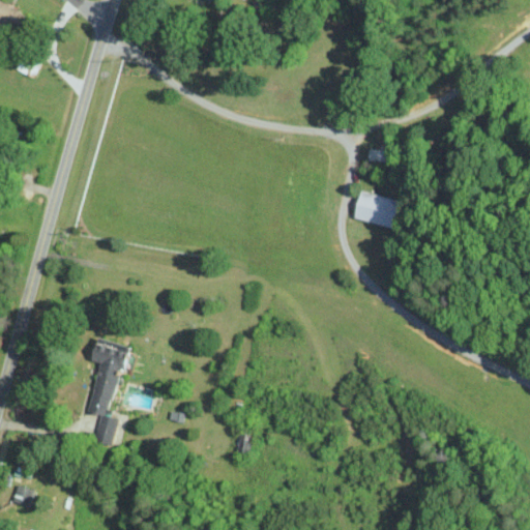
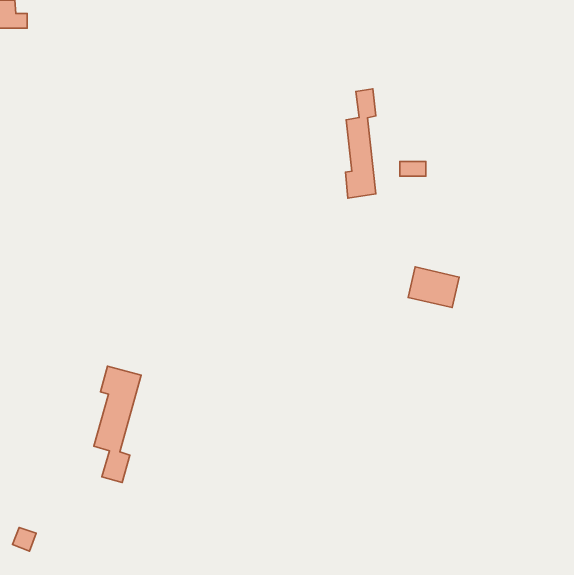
building: none -> [345,89,376,198]
building: [352,192,399,229] -> [408,267,459,308]

